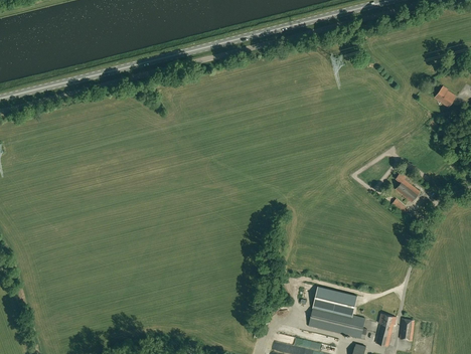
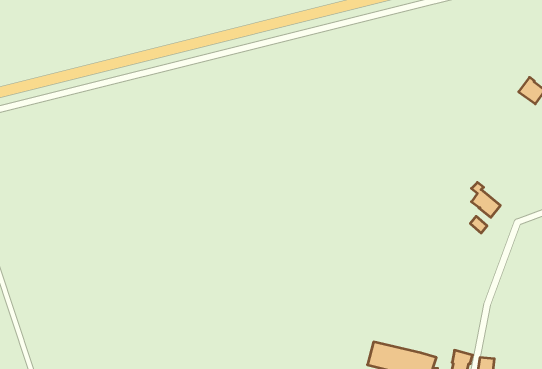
building: [314,287,357,315] -> none

